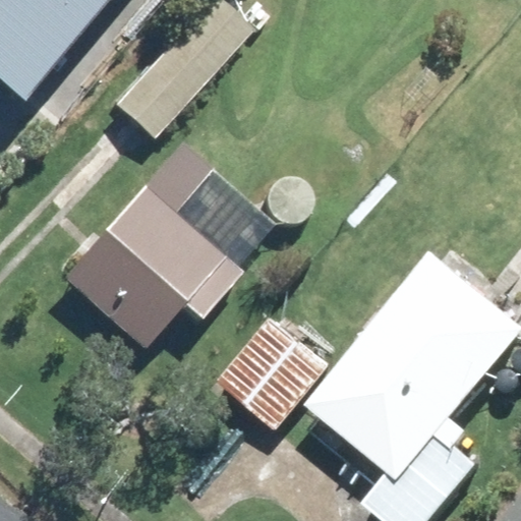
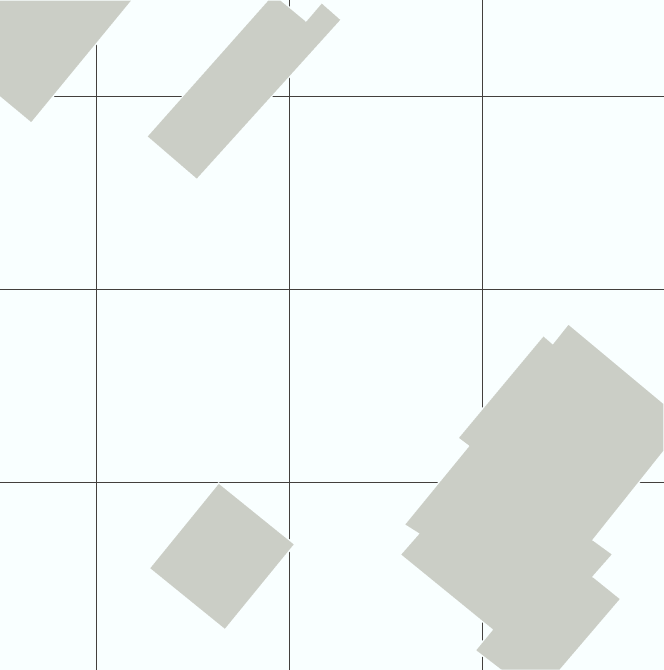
building: [64,141,243,347] -> none
building: [222,317,335,431] -> [149,483,295,630]

